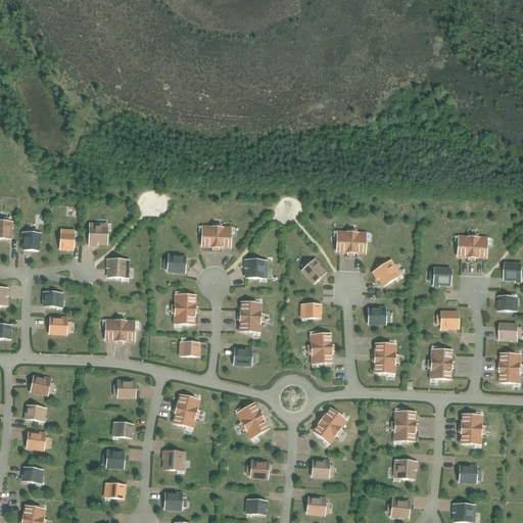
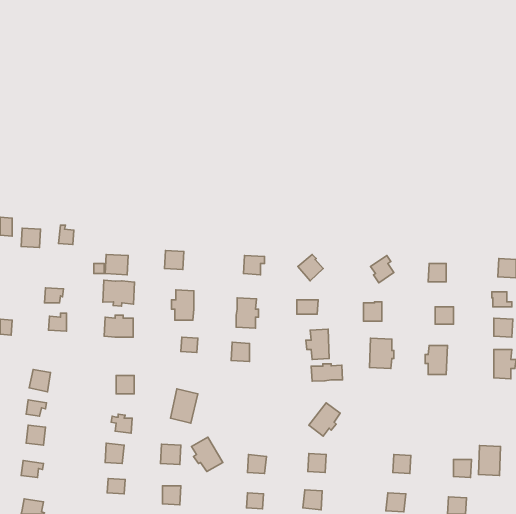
building: [89,222,108,244] -> none
building: [201,225,232,248] -> none
building: [336,230,367,253] -> none
building: [457,235,487,258] -> none
building: none -> [103,280,134,306]
building: none -> [311,364,343,381]
building: [238,402,270,437] -> [192,437,223,472]
building: [393,411,417,441] -> none
building: [460,414,482,444] -> [478,445,501,476]

